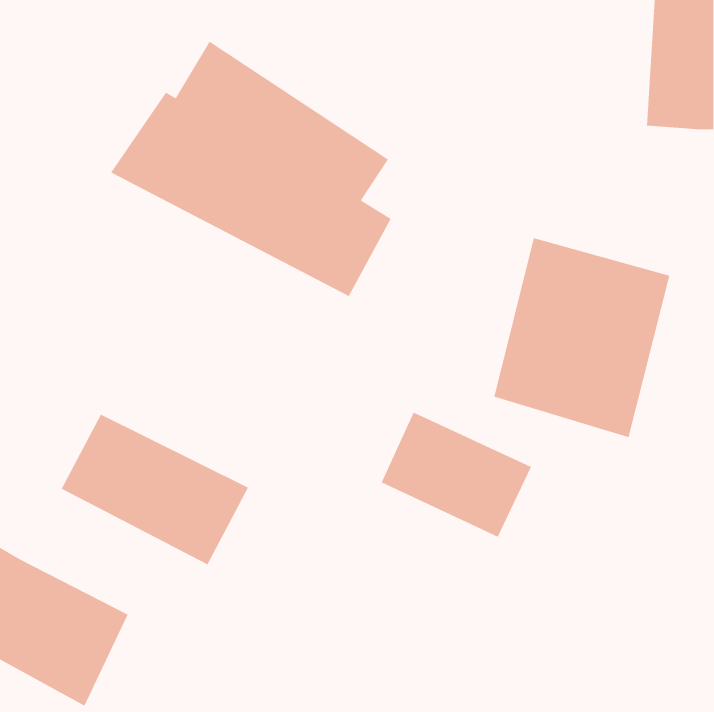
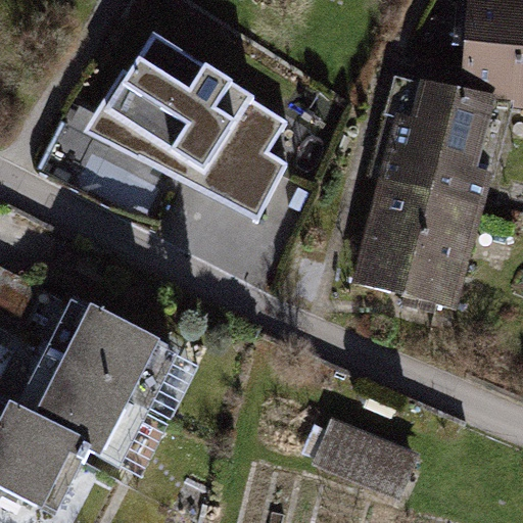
building: none -> [385,80,507,199]
building: [381,412,532,537] -> [306,412,416,503]
building: none -> [15,353,151,461]

